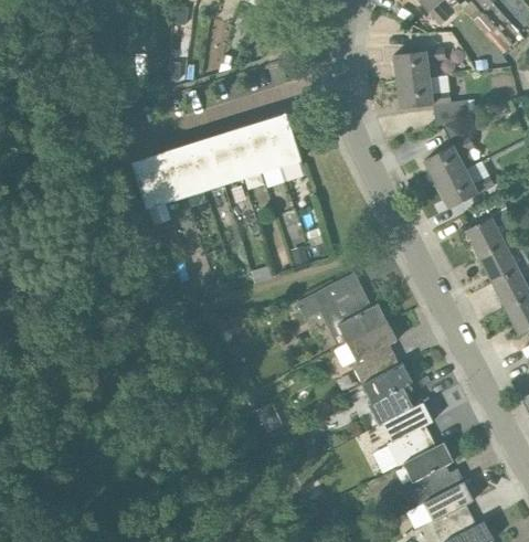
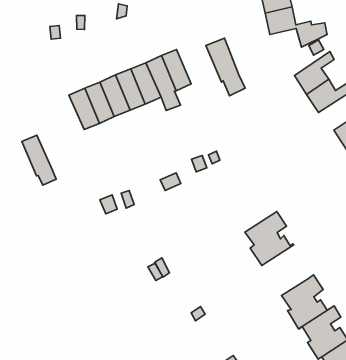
building: none -> [206,38,245,96]
building: [133,158,169,219] -> [22,135,56,185]
building: [296,284,387,343] -> none
building: [362,364,415,426] -> none

